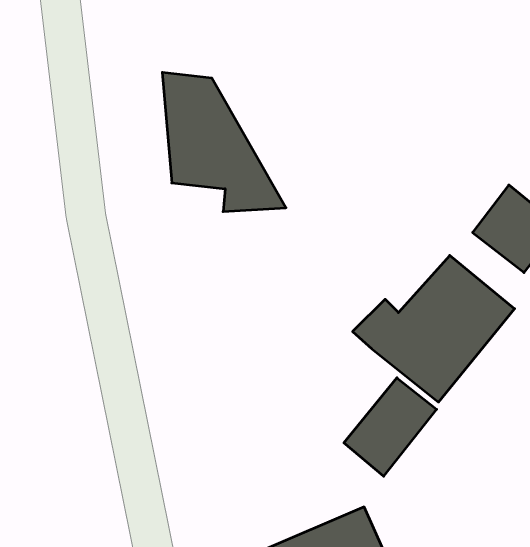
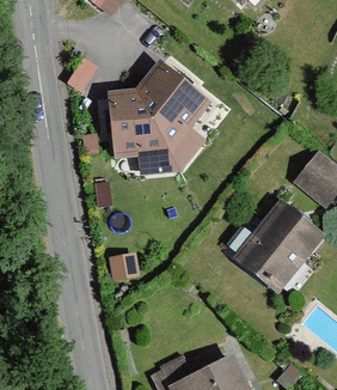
building: none -> [136,55,213,170]
building: [344,378,437,476] -> none

